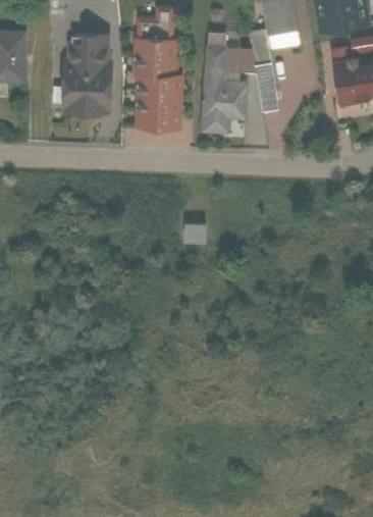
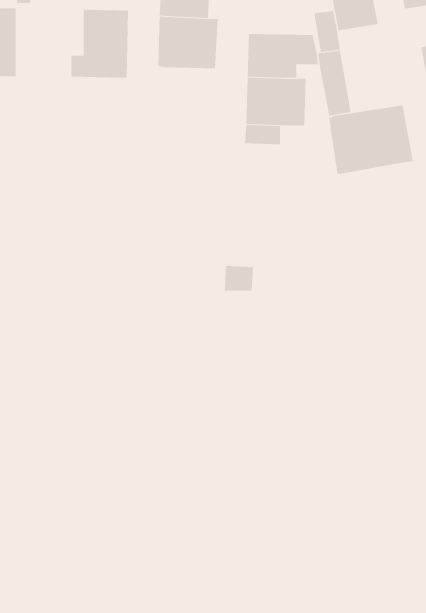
building: [136,74,184,128] -> none
building: [67,82,107,111] -> none
building: none -> [328,105,413,175]

